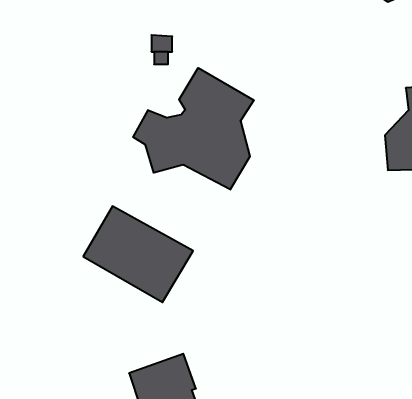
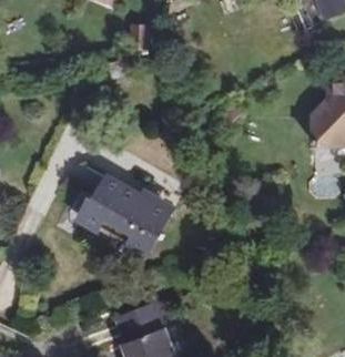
building: [133,68,254,190] -> none

